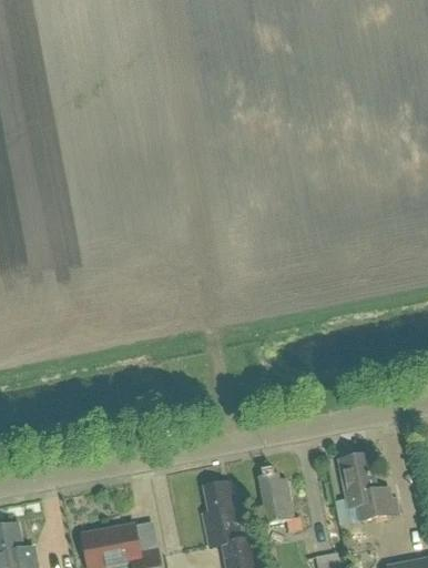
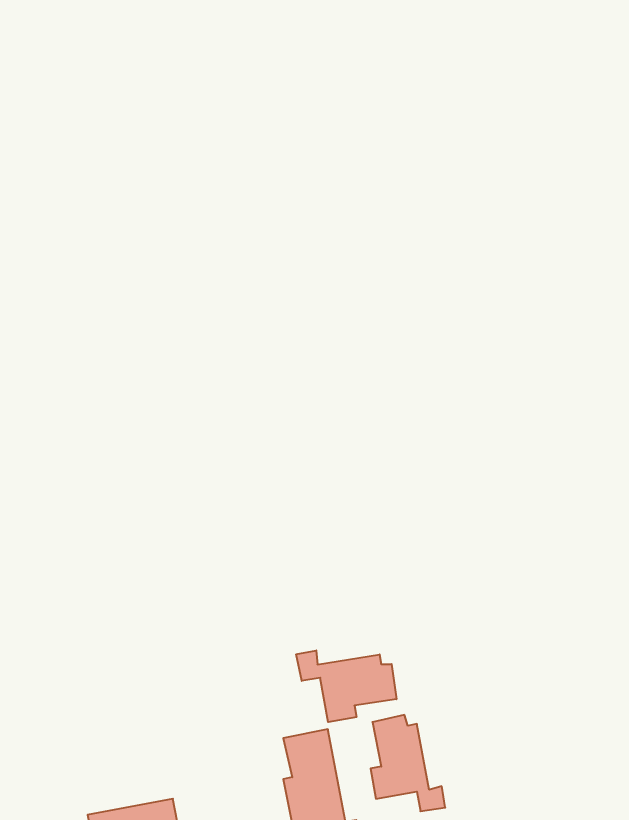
building: none -> [296,650,396,722]
building: [339,455,397,520] -> none

